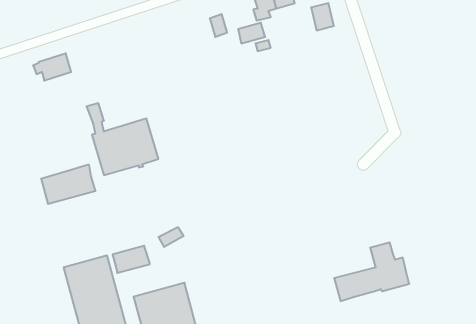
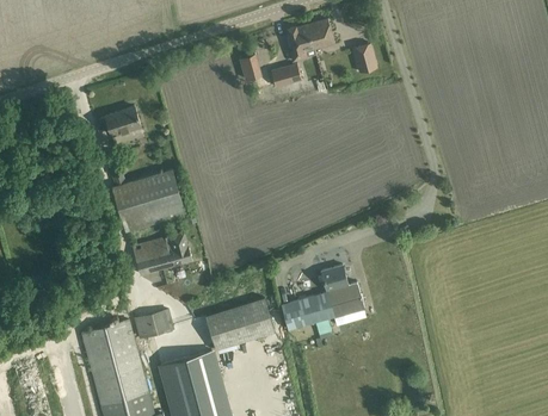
building: [33,53,71,81] -> [99,106,141,136]
building: [41,165,96,204] -> [133,231,192,274]
building: none -> [205,297,275,349]
building: [334,242,409,301] -> [282,265,364,329]

